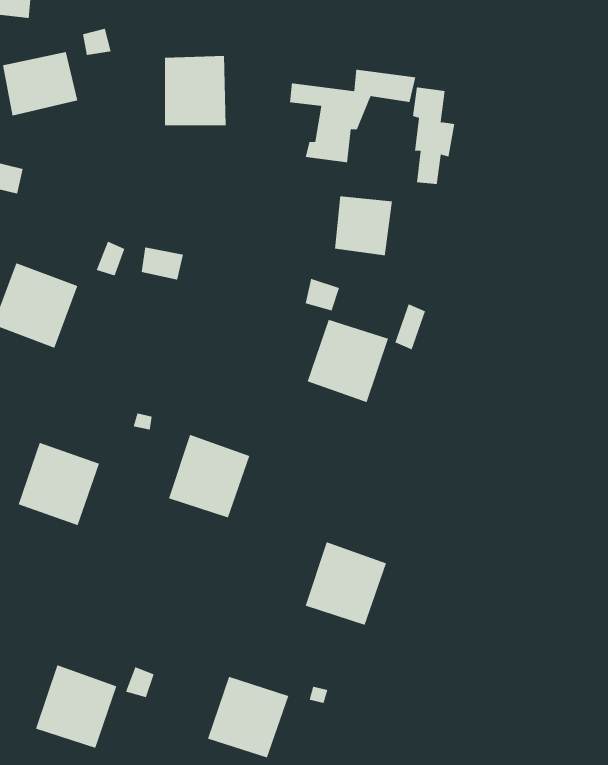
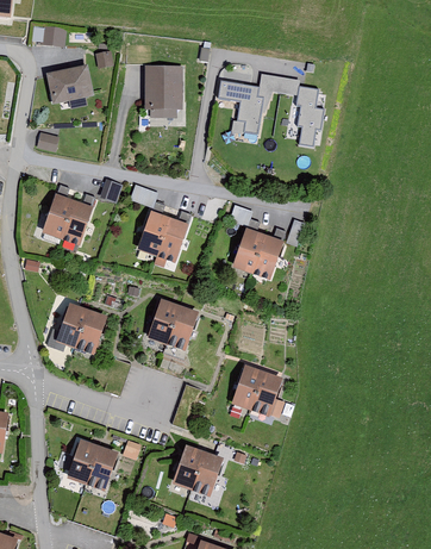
building: [334,195,392,256] -> none
building: none -> [137,210,187,261]

